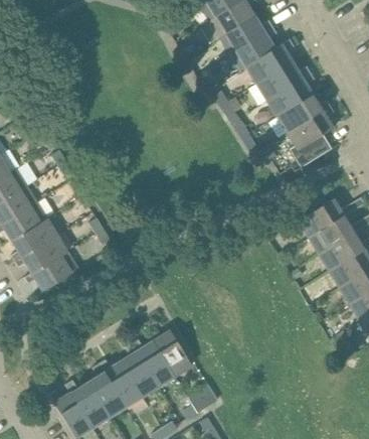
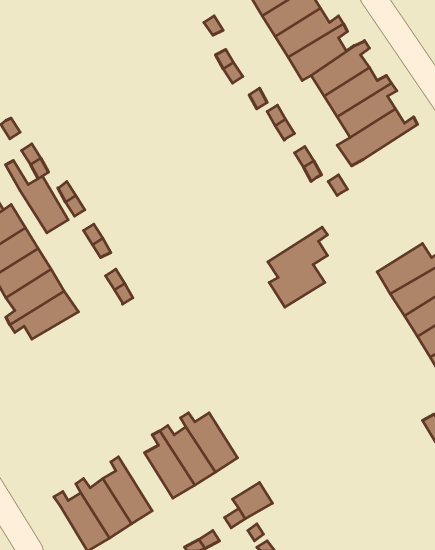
building: [289,106,335,168] -> [268,227,327,307]
building: none -> [5,160,68,233]
building: [24,252,77,291] -> none
building: [99,360,141,407] -> none

